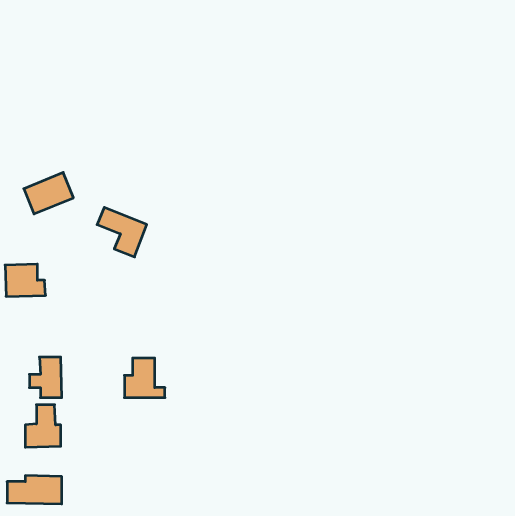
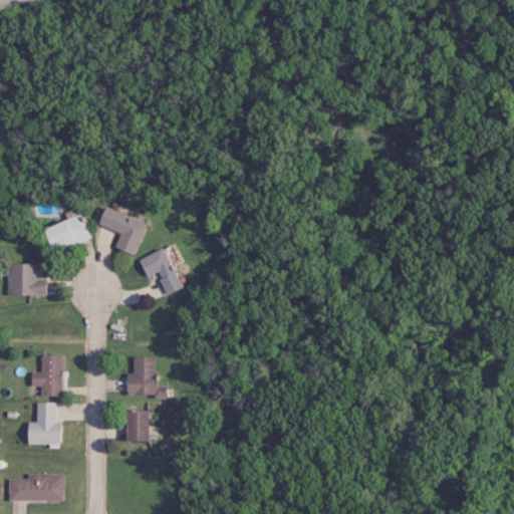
building: [24,172,73,214] -> [41,213,90,254]
building: none -> [140,249,182,294]
building: none -> [124,411,147,441]

